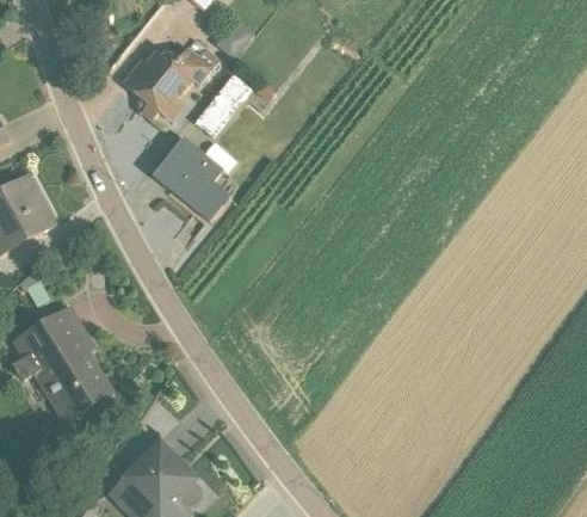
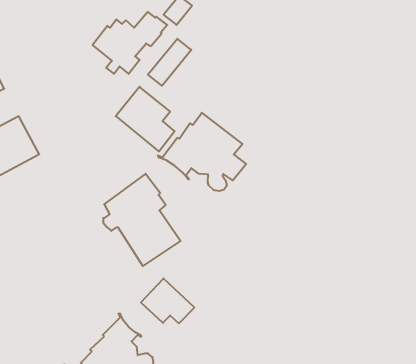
building: none -> [158,113,246,191]
building: [13,304,113,424] -> [103,174,181,266]
building: none -> [141,278,194,323]

